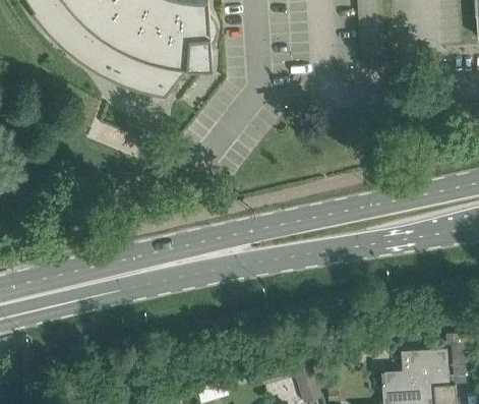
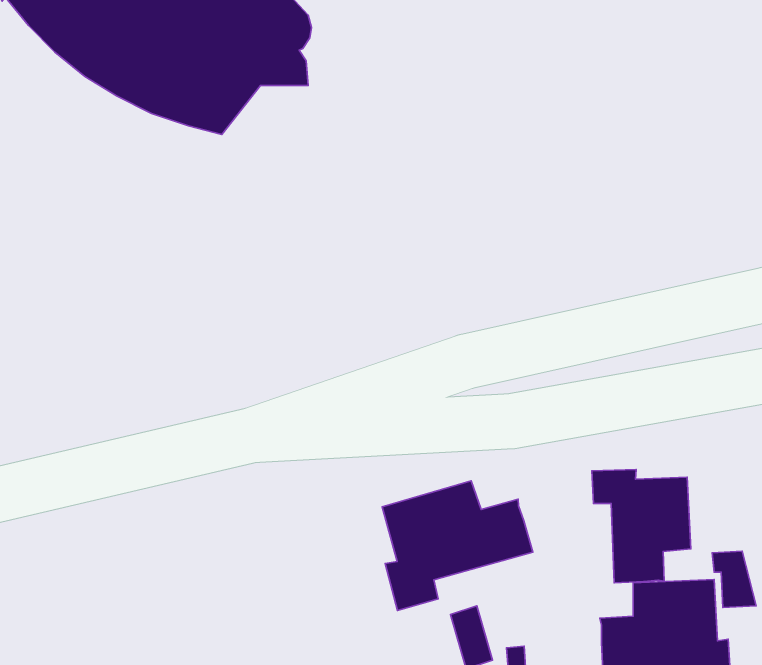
building: none -> [592,470,691,583]
building: none -> [382,481,533,611]

